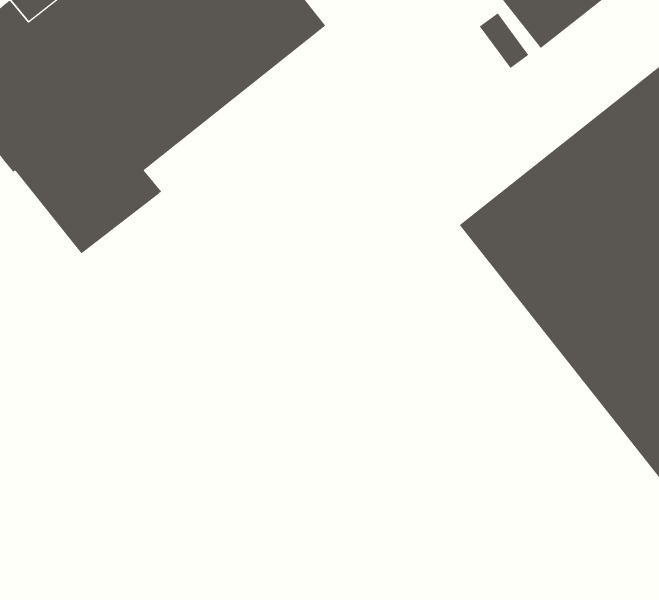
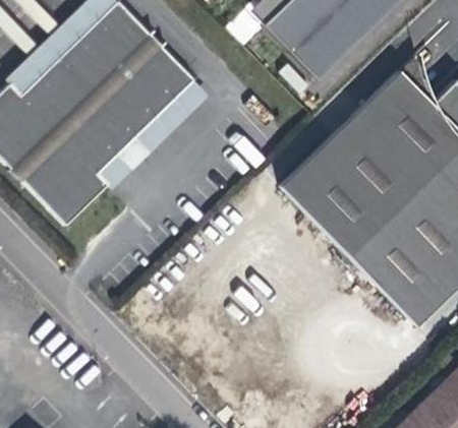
building: none -> [99,79,211,189]

